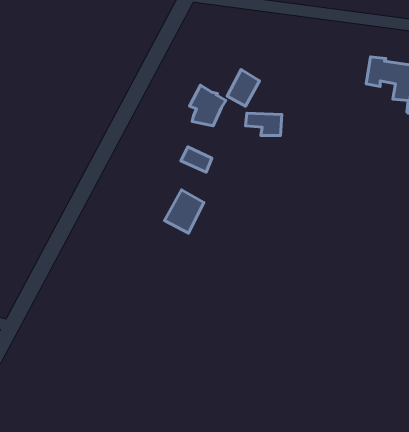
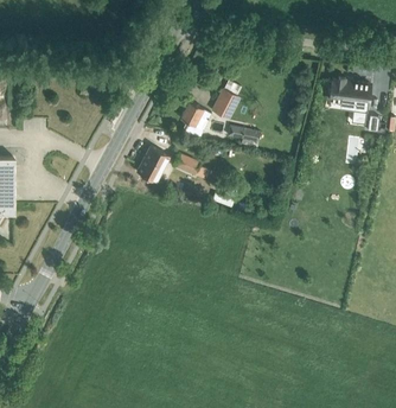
building: [165,190,204,233] -> [135,147,168,184]

